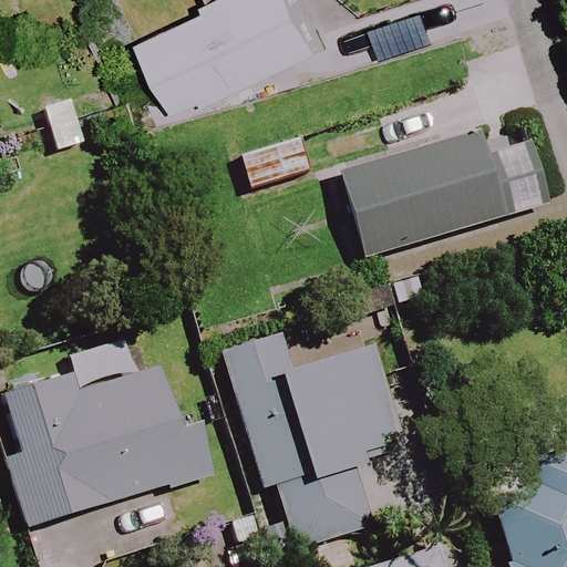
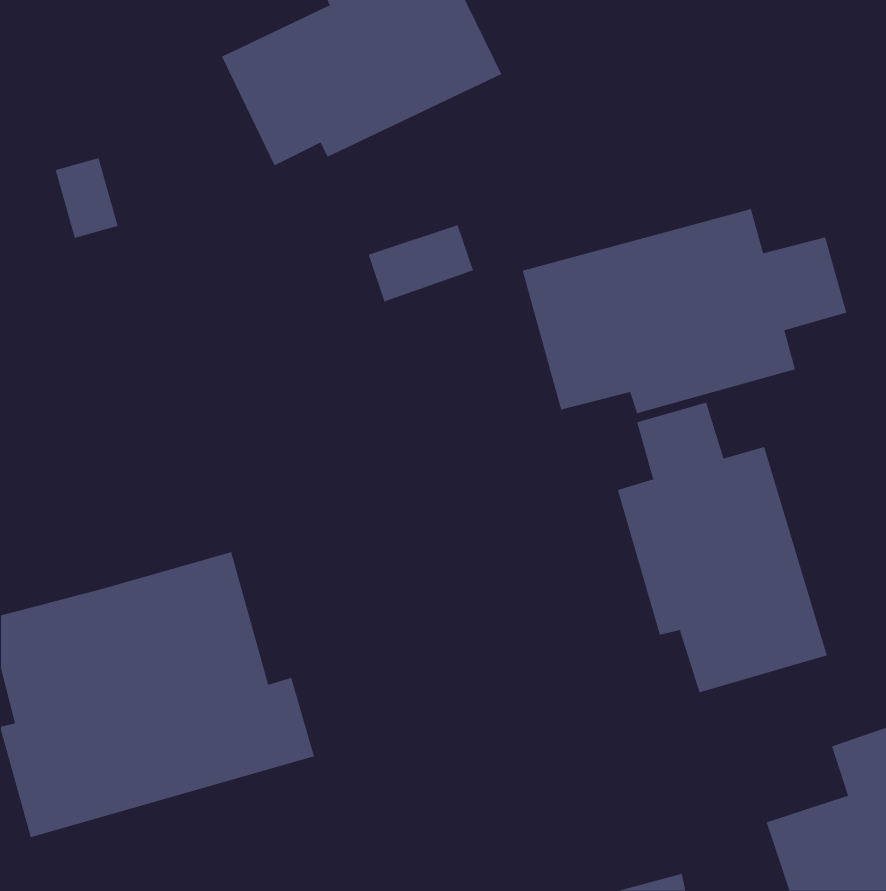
building: none -> [617,402,828,693]
building: [224,336,401,548] -> none

